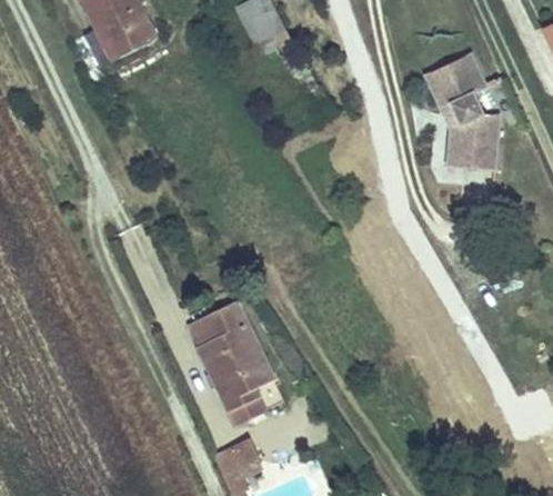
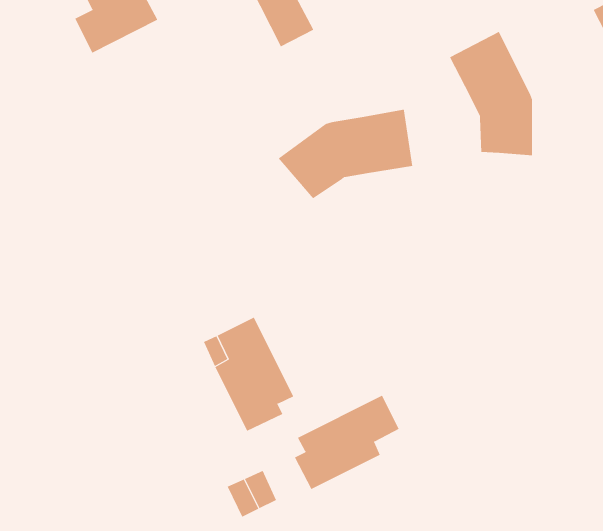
building: none -> [278,109,413,199]
building: none -> [294,395,399,490]

